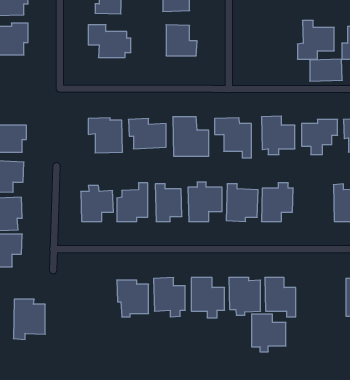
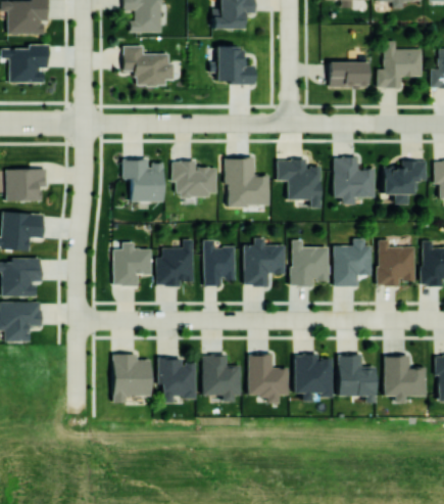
building: [310,59,342,81] -> [330,61,369,88]
building: none -> [378,240,416,286]
building: [13,299,45,339] -> [112,354,151,403]
building: [252,314,286,352] -> [385,357,427,403]

